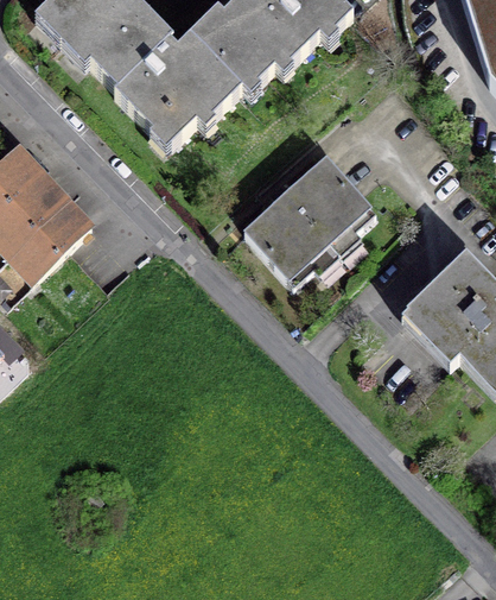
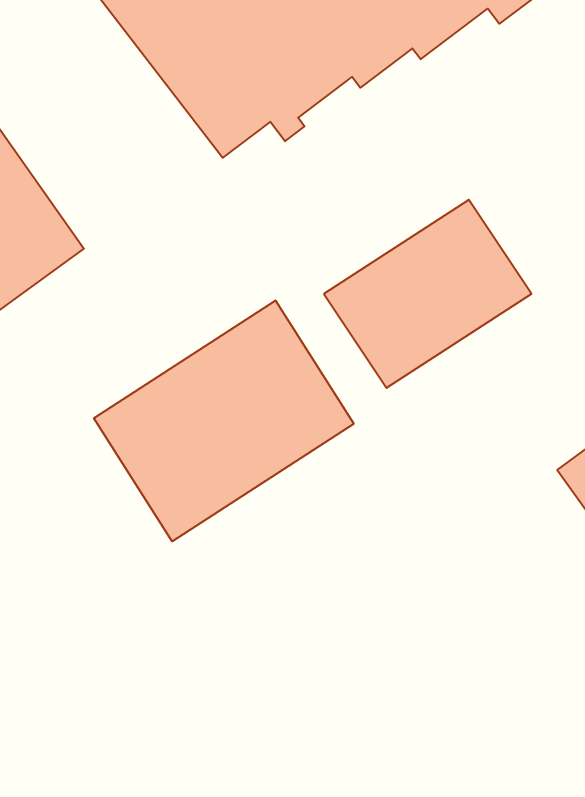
building: none -> [94,300,354,541]

